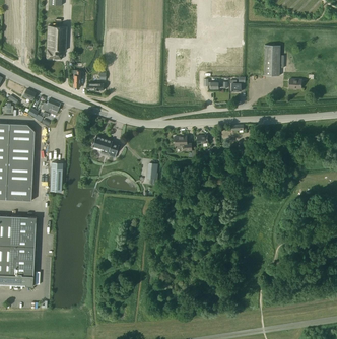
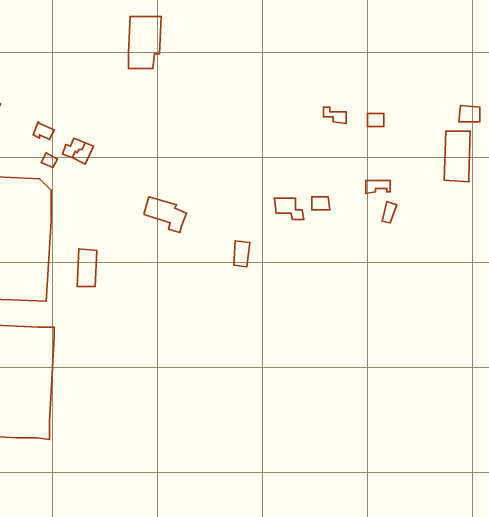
building: [47,26,67,59] -> [128,16,161,69]
building: [264,45,280,76] -> [444,131,470,182]

